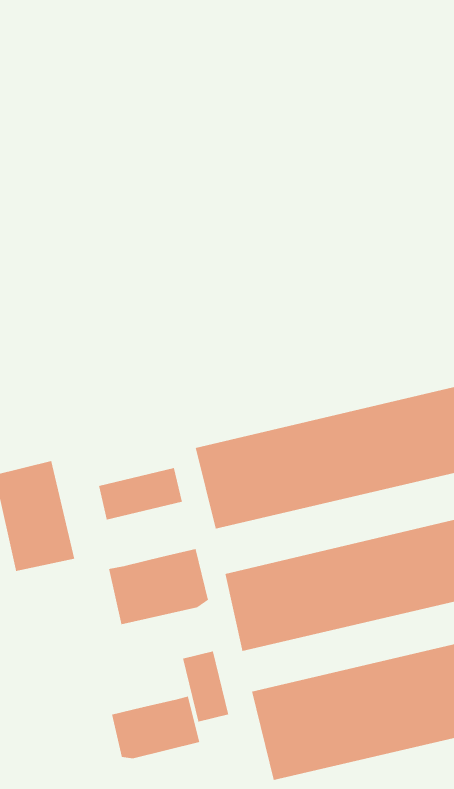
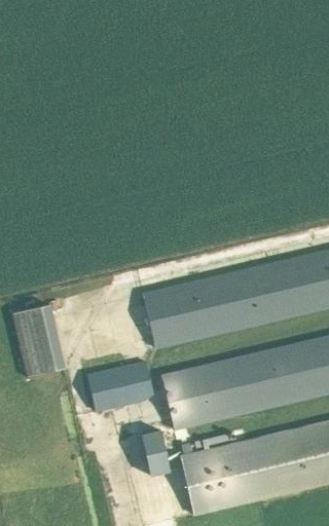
building: [98,467,183,520] -> none
building: [111,696,200,759] -> none

